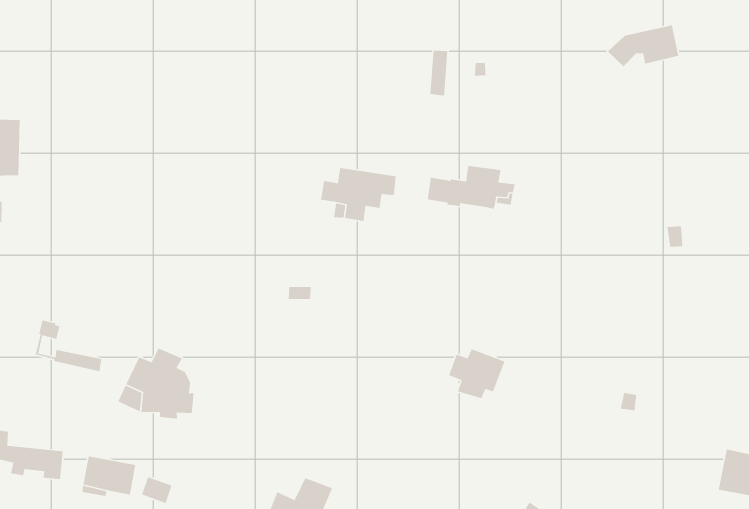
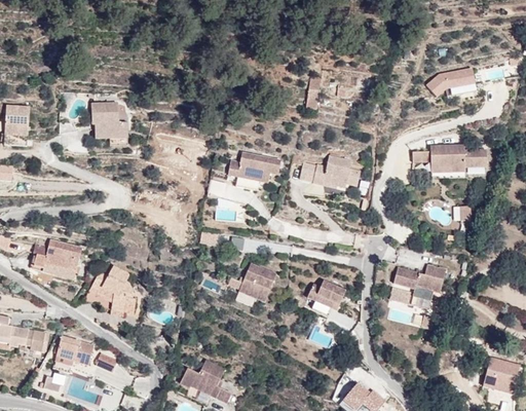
building: none -> [91,101,127,144]
building: none -> [413,144,487,171]
building: none -> [33,238,82,270]
building: none -> [389,263,446,307]
building: none -> [238,262,276,301]

